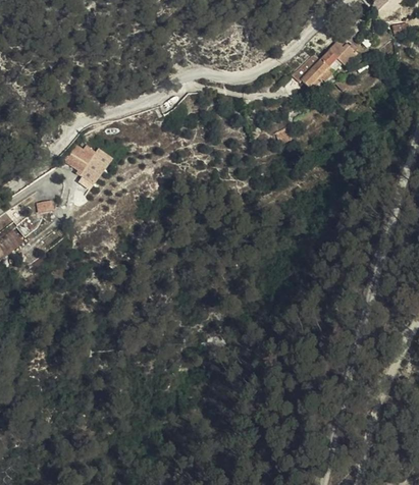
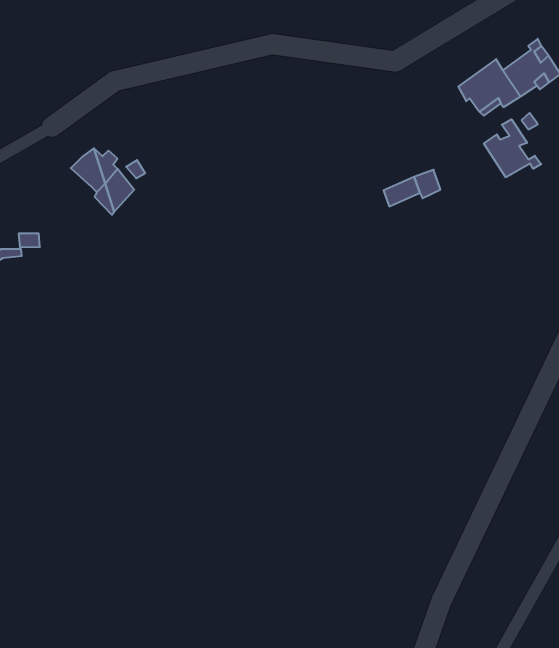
building: none -> [484,119,541,177]

